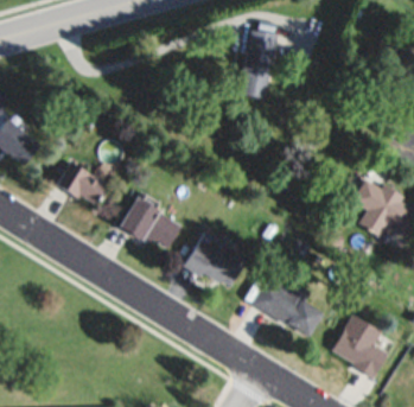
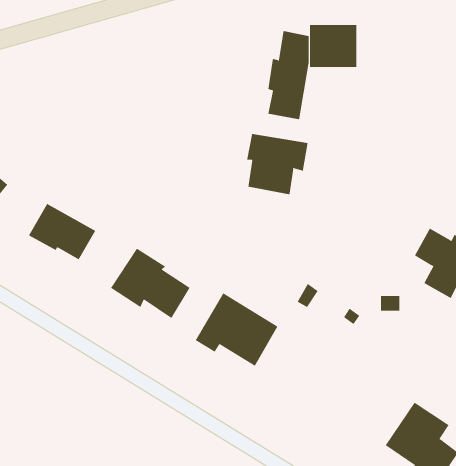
building: none -> [247,133,308,195]
building: [253,278,320,335] -> none

